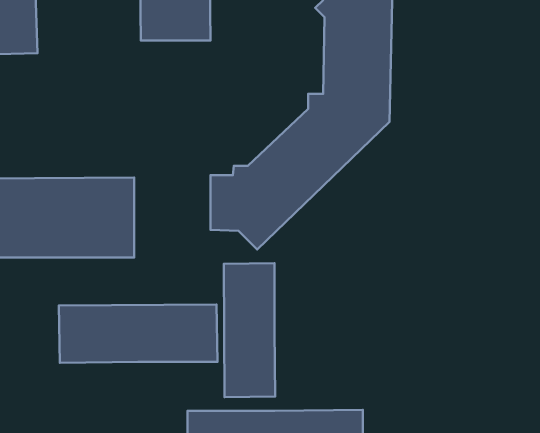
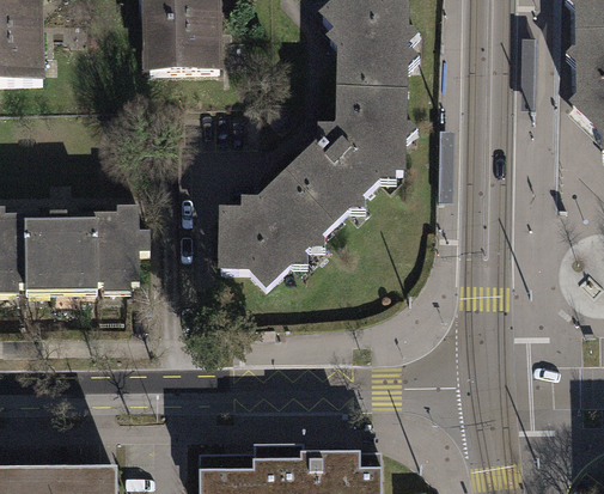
building: [224,263,275,397] -> none
building: [59,305,217,363] -> none

